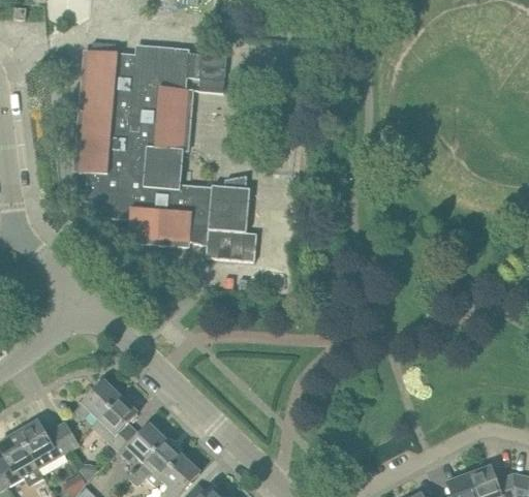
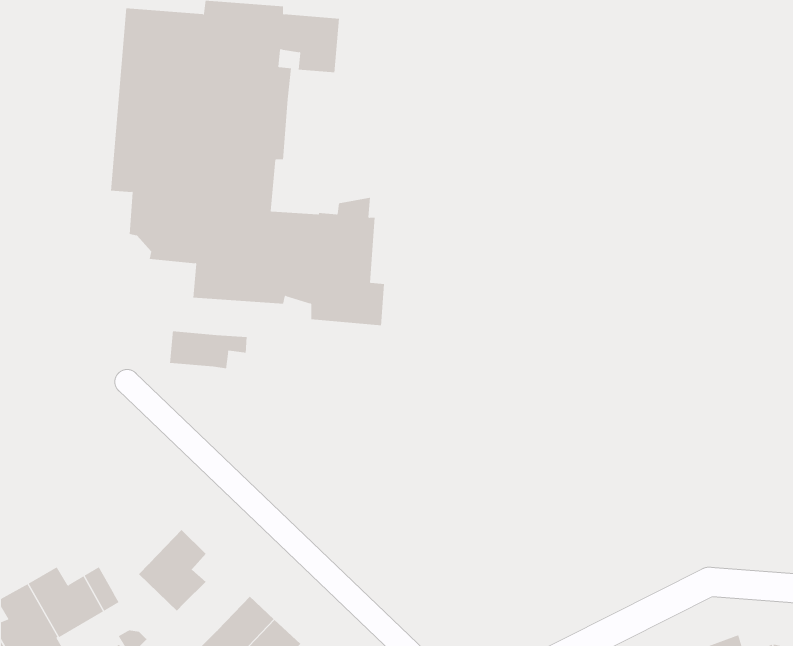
building: none -> [169,331,247,369]
building: [75,380,121,418] -> none
building: [121,424,166,463] -> none

